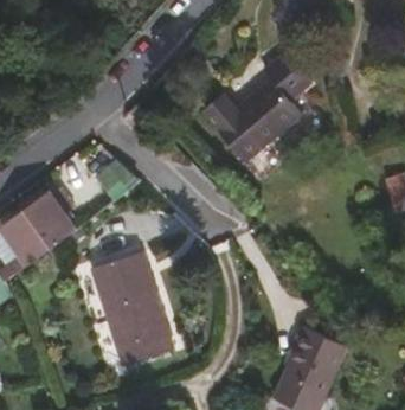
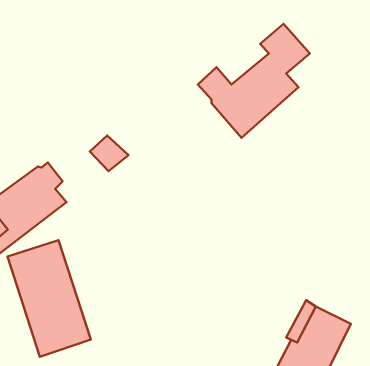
building: [94,246,173,358] -> [8,240,91,357]

